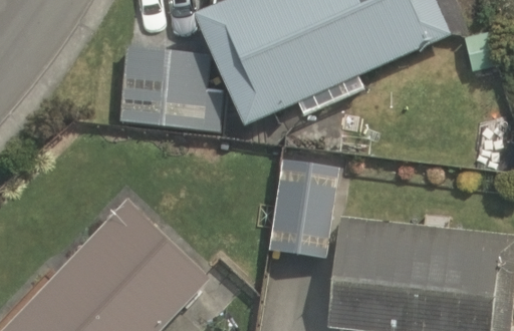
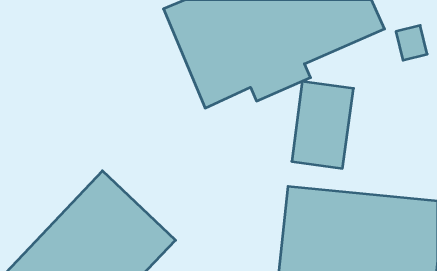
building: [120,45,225,133] -> none
building: [269,158,340,259] -> [292,81,354,168]

